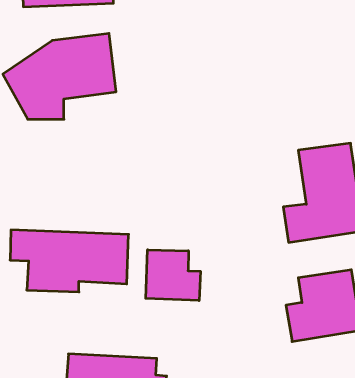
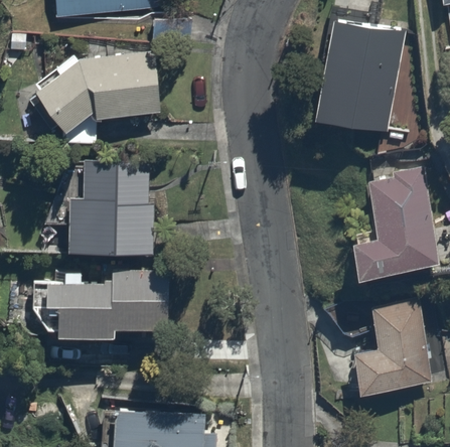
building: none -> [316,21,403,136]
building: none -> [66,162,152,255]
building: [146,250,200,301] -> none

